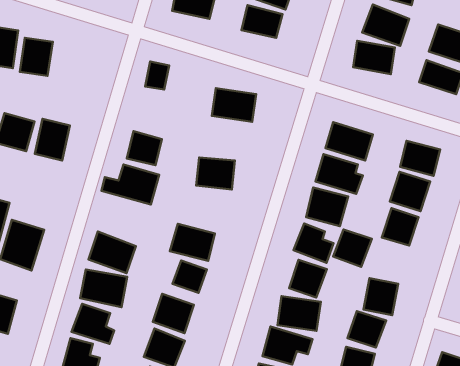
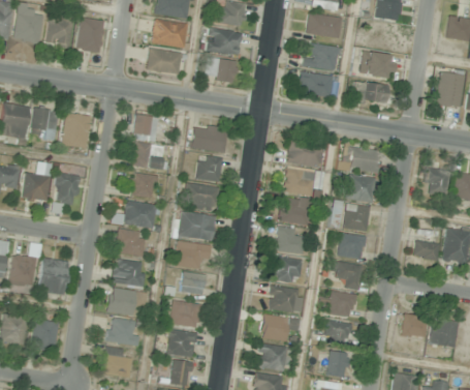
building: none -> [67,113,88,147]
building: none -> [133,142,160,168]
building: none -> [197,155,222,180]
building: none -> [179,212,214,239]
building: none -> [115,228,147,257]
building: [333,230,372,267] -> [337,232,366,260]

